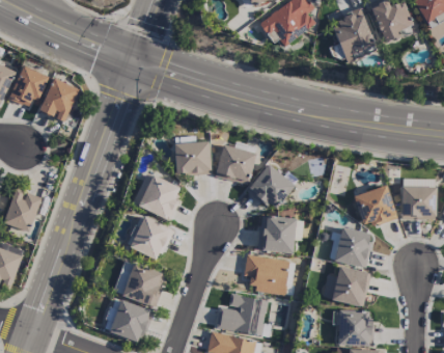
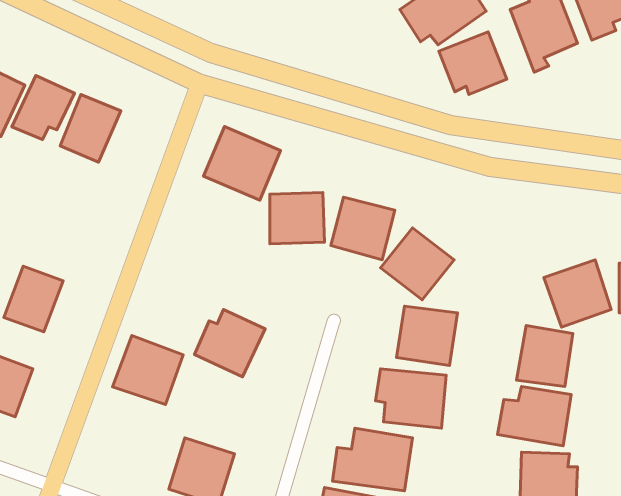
building: none -> [439,32,507,94]
building: [133,171,183,219] -> [204,127,281,200]
building: [121,262,167,306] -> [113,335,183,404]

